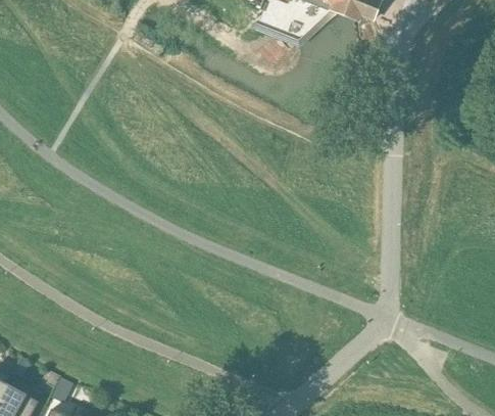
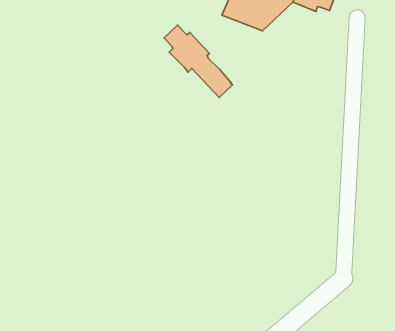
building: none -> [164,25,232,97]

